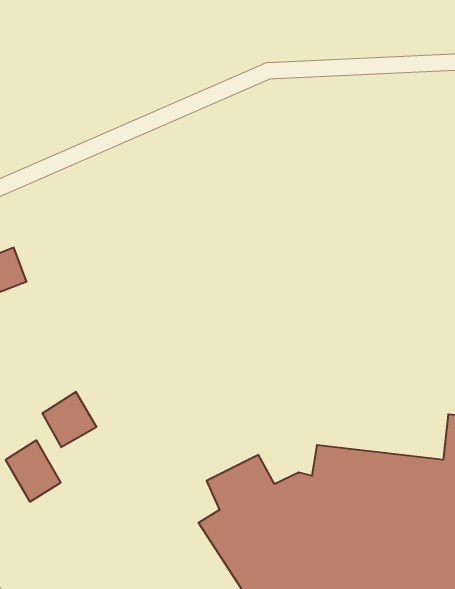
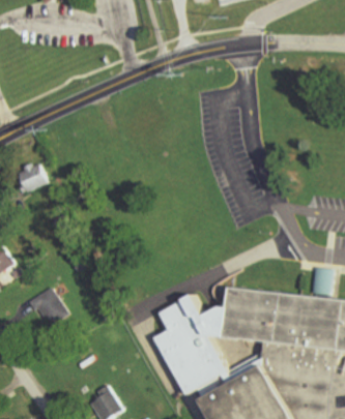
building: [42,392,96,447] -> none

